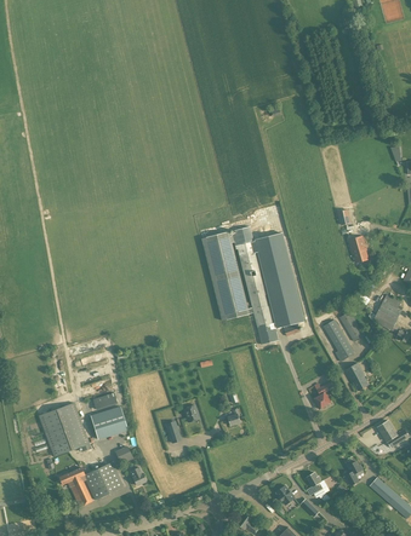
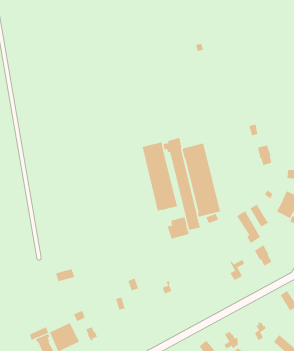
building: none -> [167,216,190,239]
building: [39,402,91,455] -> none
building: [89,407,126,439] -> none

